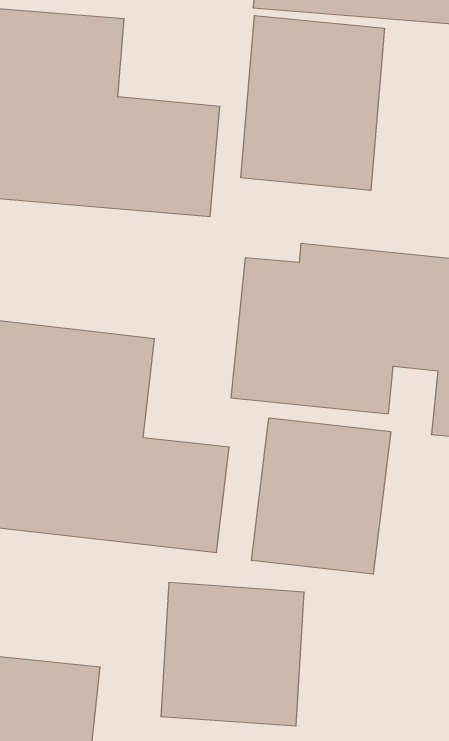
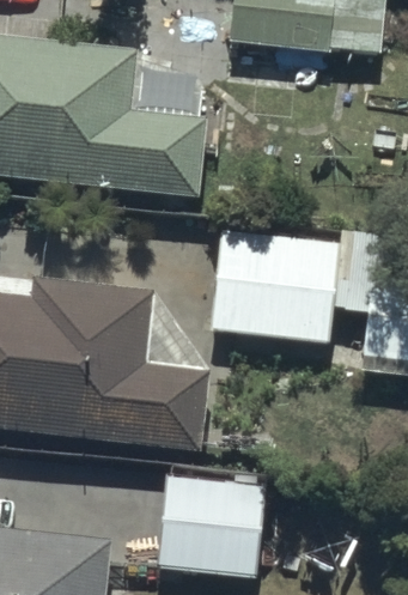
building: [241,15,384,191] -> none
building: [252,418,391,574] -> none

